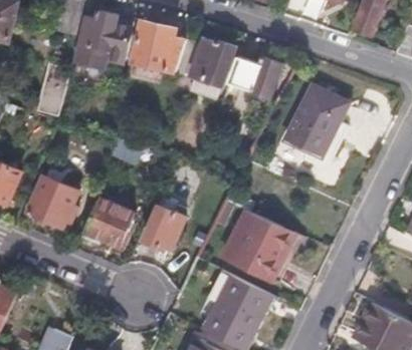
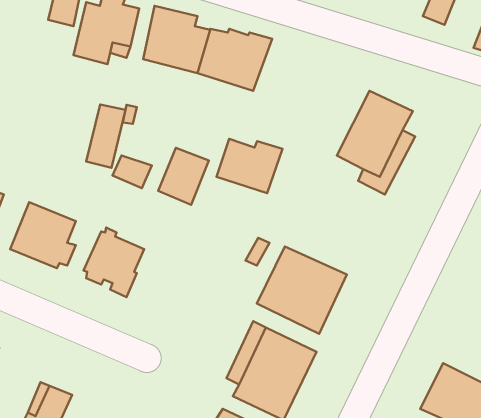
building: [228,55,280,98] -> [217,139,282,193]
building: [37,65,68,115] -> [86,105,126,168]
building: [144,207,184,252] -> [158,148,209,205]

